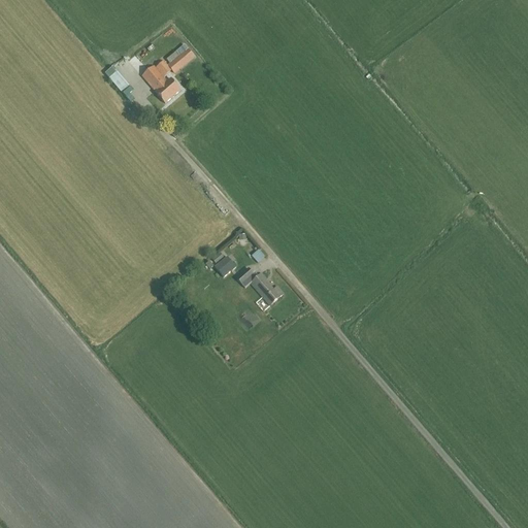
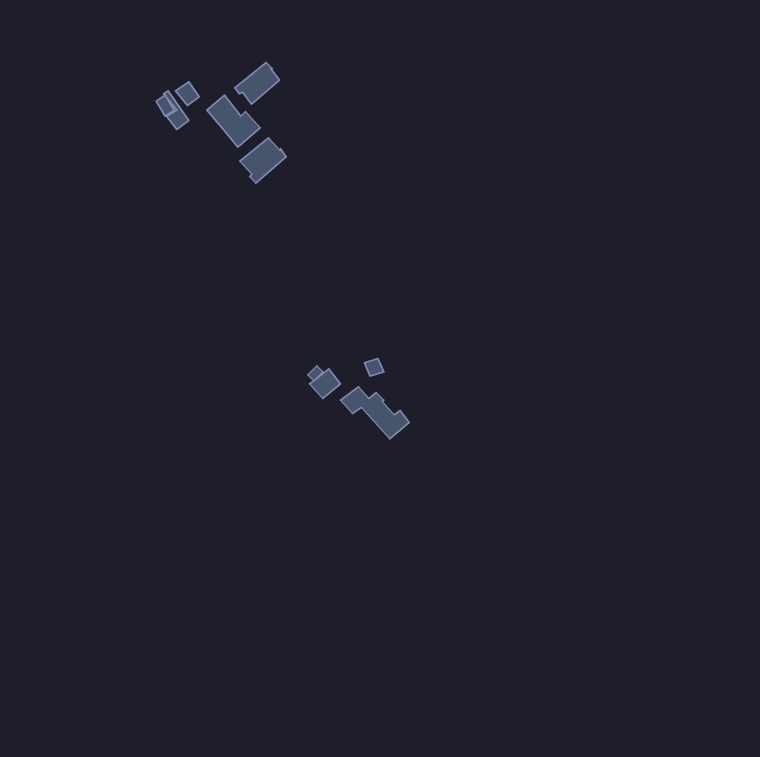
building: none -> [240,138,286,183]

